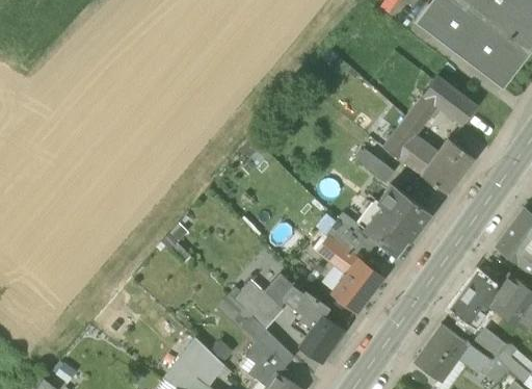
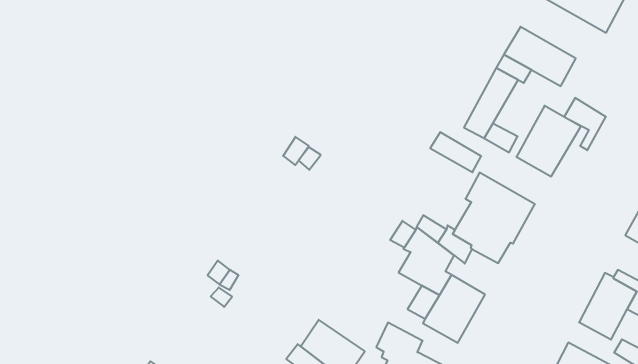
building: [406,134,438,176] -> [564,98,606,150]
building: [267,275,304,308] -> none

